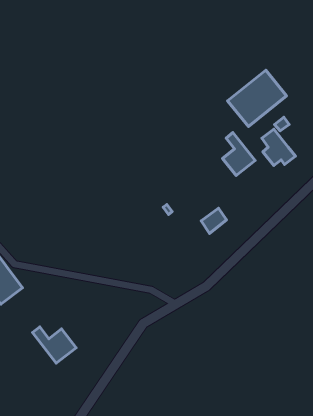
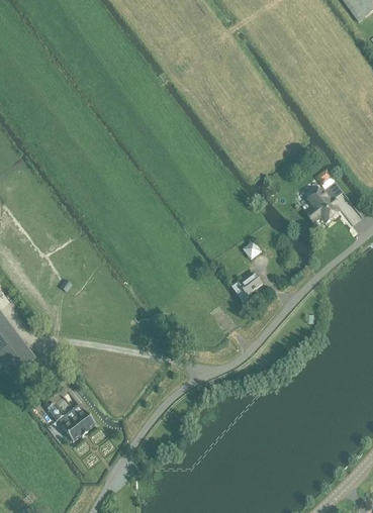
building: [228,70,287,127] -> none
building: [222,133,255,176] -> none

